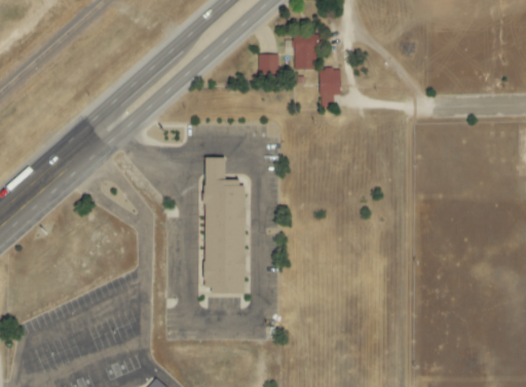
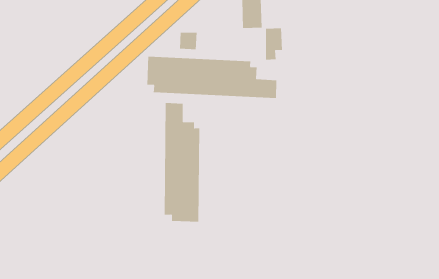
building: [259,53,280,74] -> [179,32,198,50]
building: none -> [147,56,277,99]

